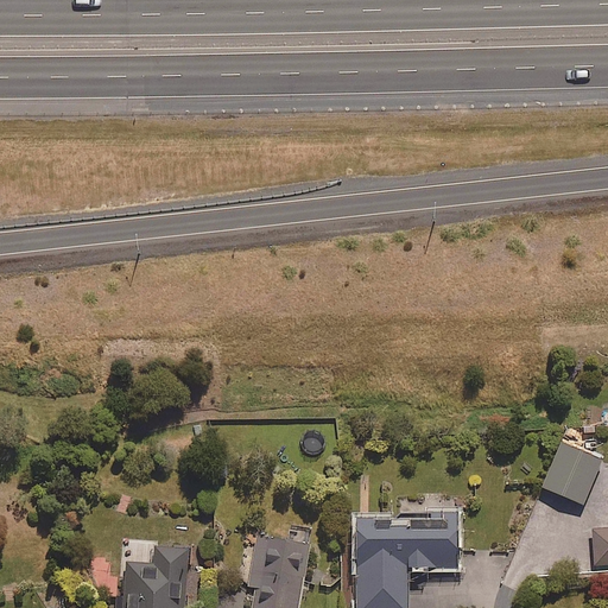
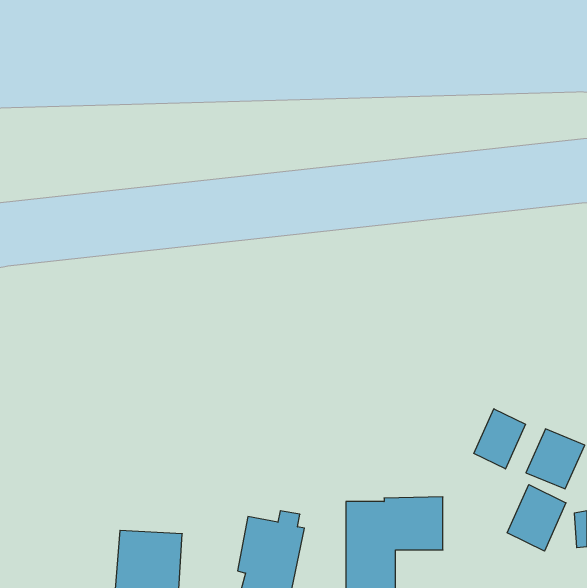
building: none -> [474,409,525,469]
building: none -> [507,485,566,551]

